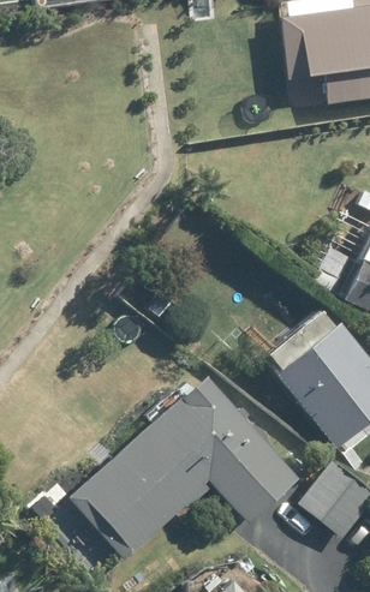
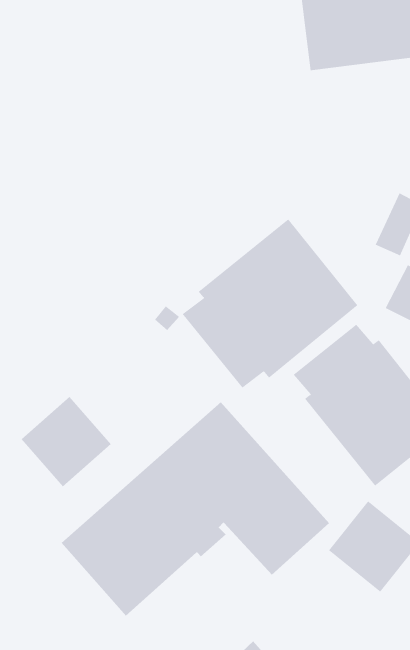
building: none -> [182,219,358,388]
building: none -> [21,396,111,487]

